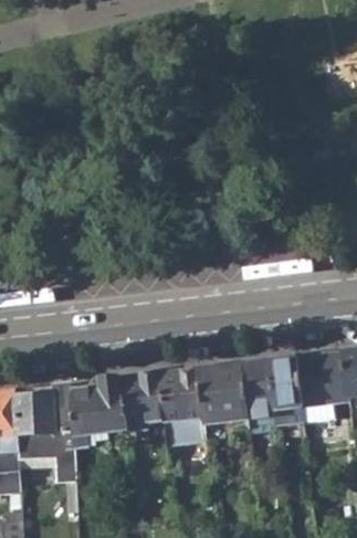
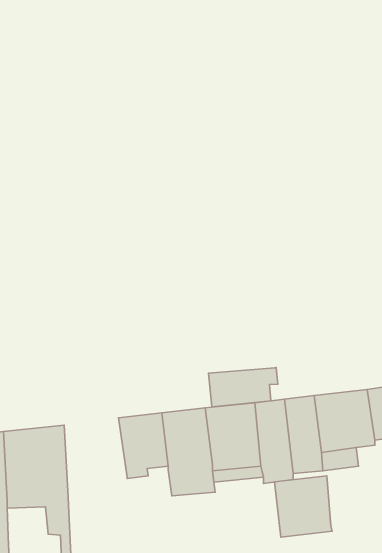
building: none -> [208,368,278,407]
building: [70,375,126,440] -> none
building: none -> [274,476,332,537]

